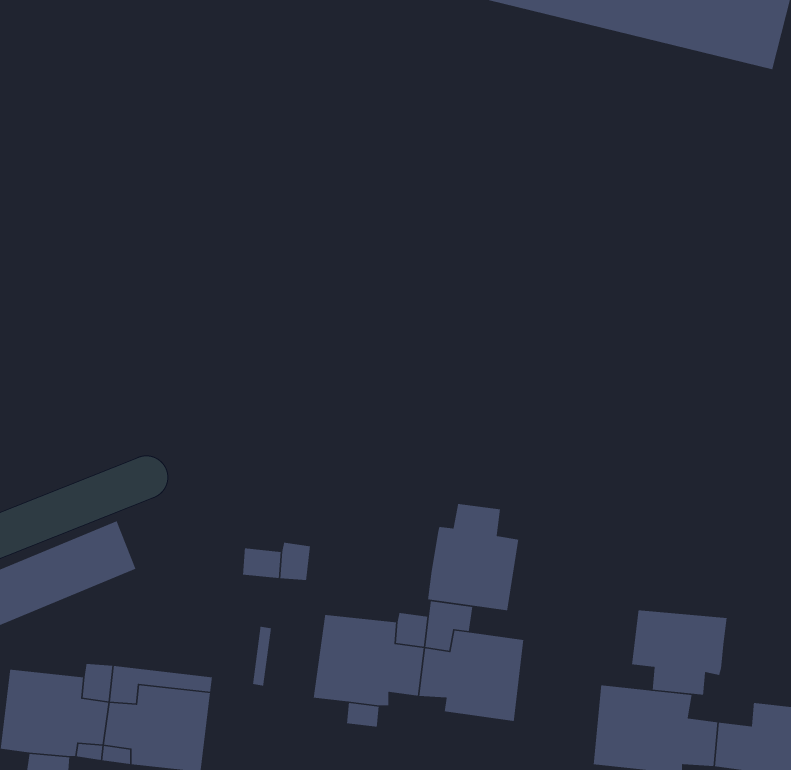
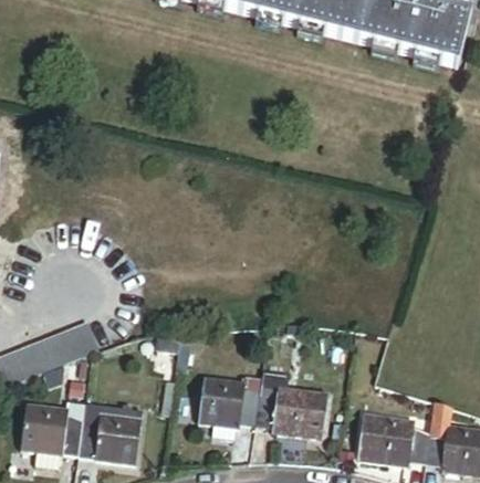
building: [427,503,519,611] -> none
building: [631,610,727,696] -> none

